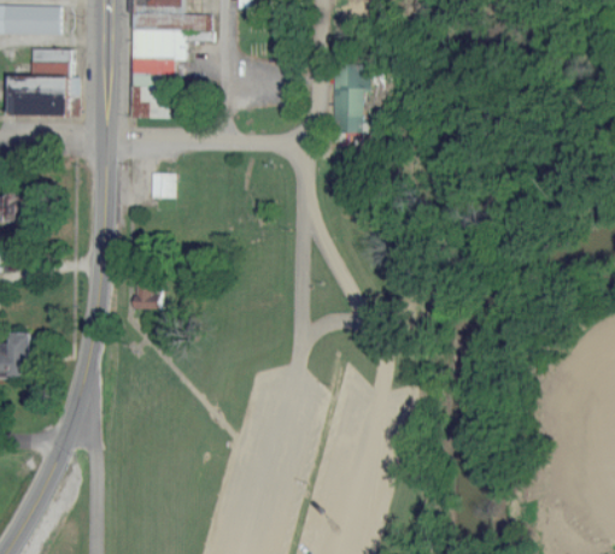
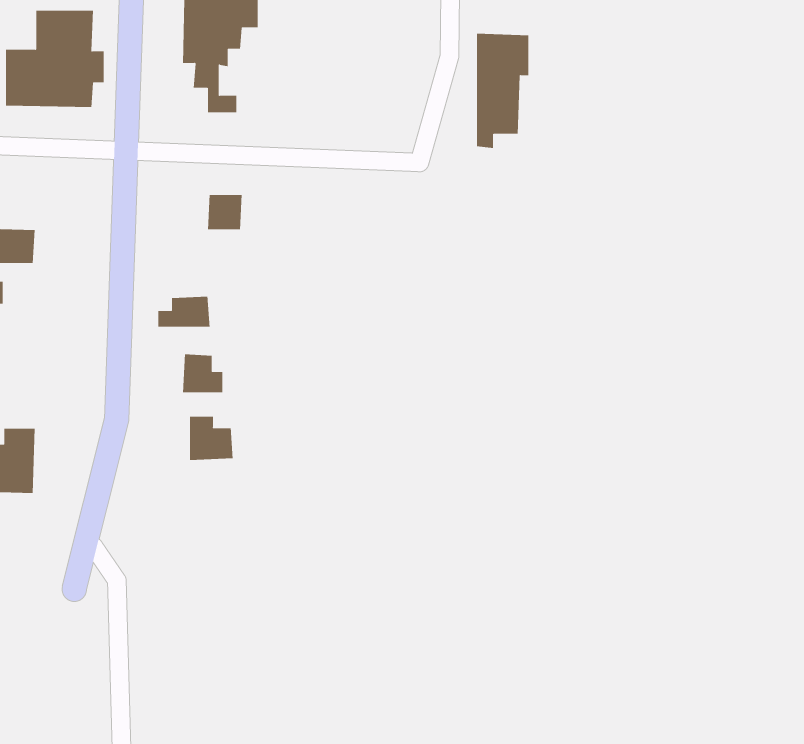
building: none -> [158,296,210,328]
building: none -> [189,416,233,461]

